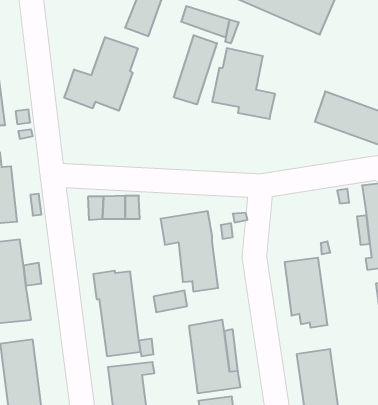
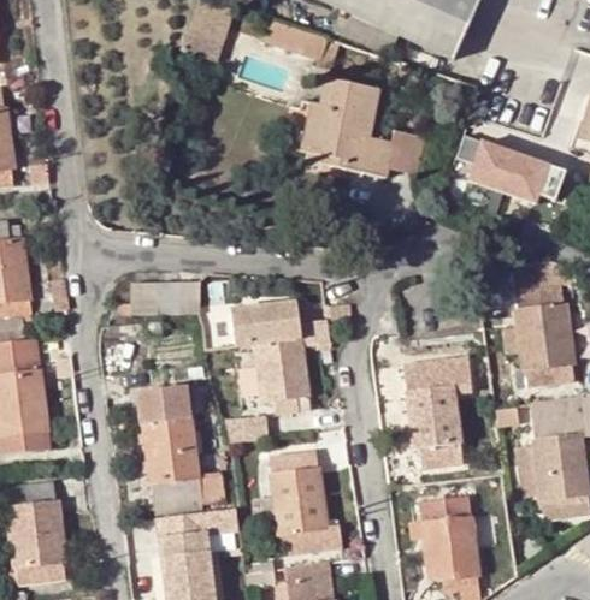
building: [174,35,217,104] -> none
building: [64,37,138,111] -> none
building: none -> [384,130,420,173]

